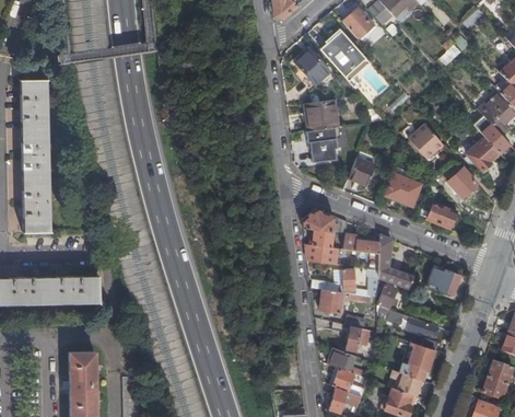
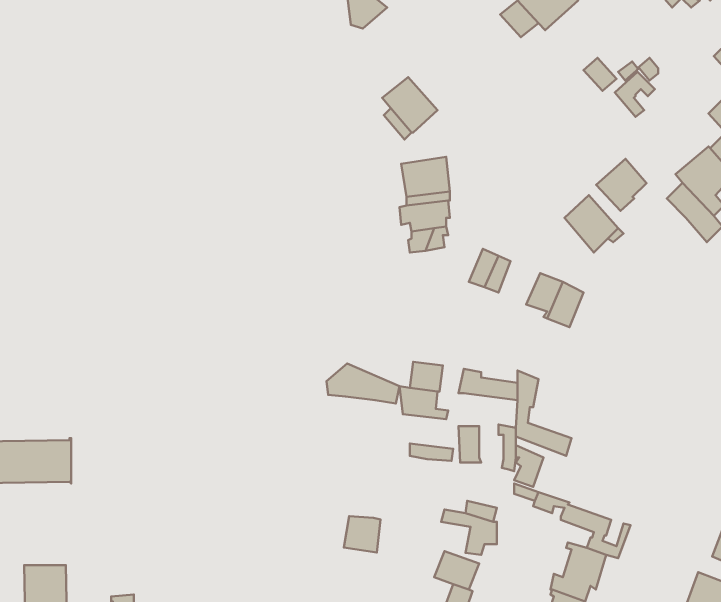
building: [342,8,374,39] -> none
building: [321,31,372,81] -> none
building: [467,138,499,171] -> [596,159,646,211]
building: [436,167,478,204] -> none
building: [426,202,456,228] -> none
building: [302,208,348,233] -> [326,364,399,404]
building: [428,266,460,296] -> none
building: [319,290,342,313] -> [344,516,380,553]

